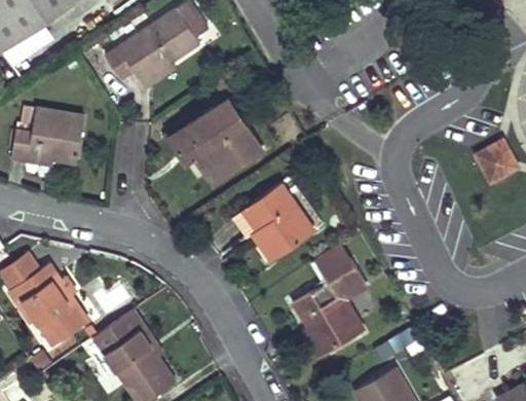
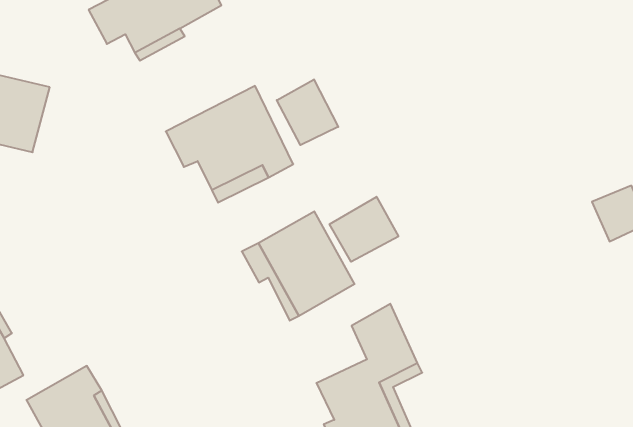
building: none -> [277,79,338,145]
building: none -> [330,197,398,262]

